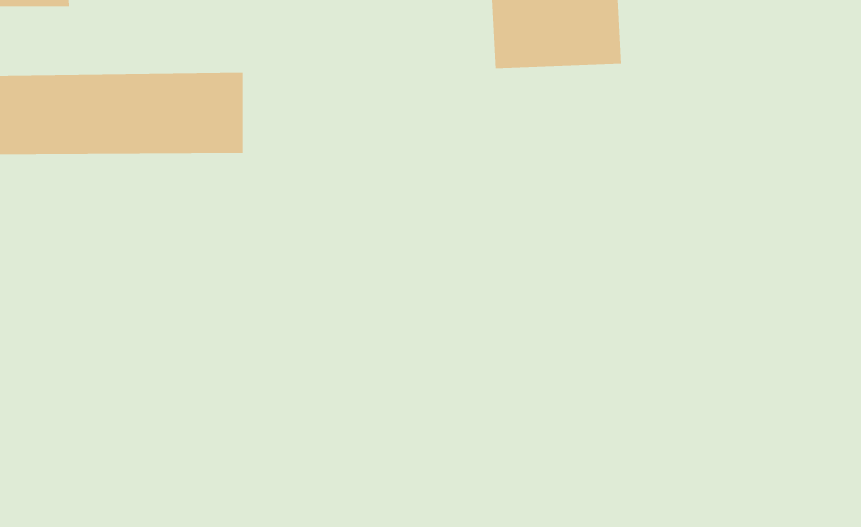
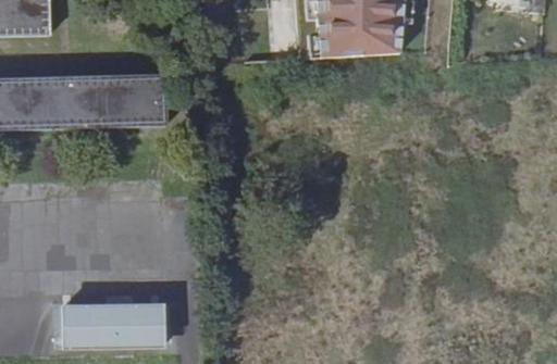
building: none -> [60,307,162,350]

